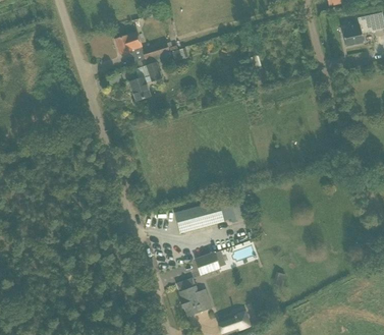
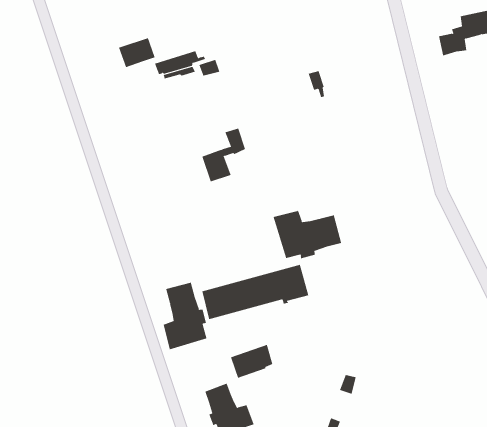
building: [129,62,161,101] -> [201,128,246,182]
building: none -> [273,209,342,259]
building: none -> [163,282,207,350]

